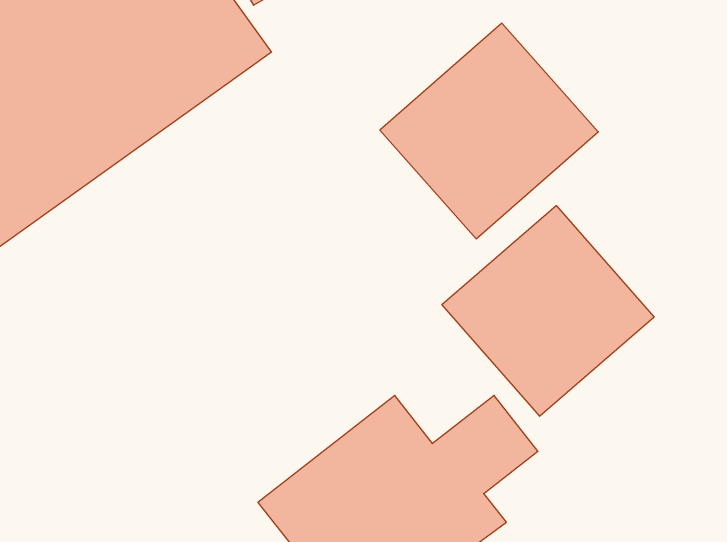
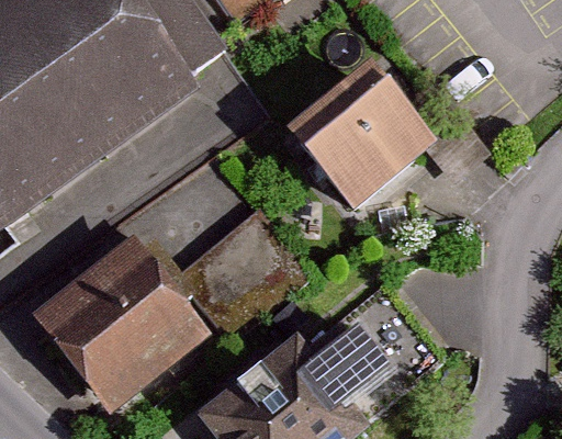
building: [442,206,654,416] -> none
building: none -> [24,235,198,406]

